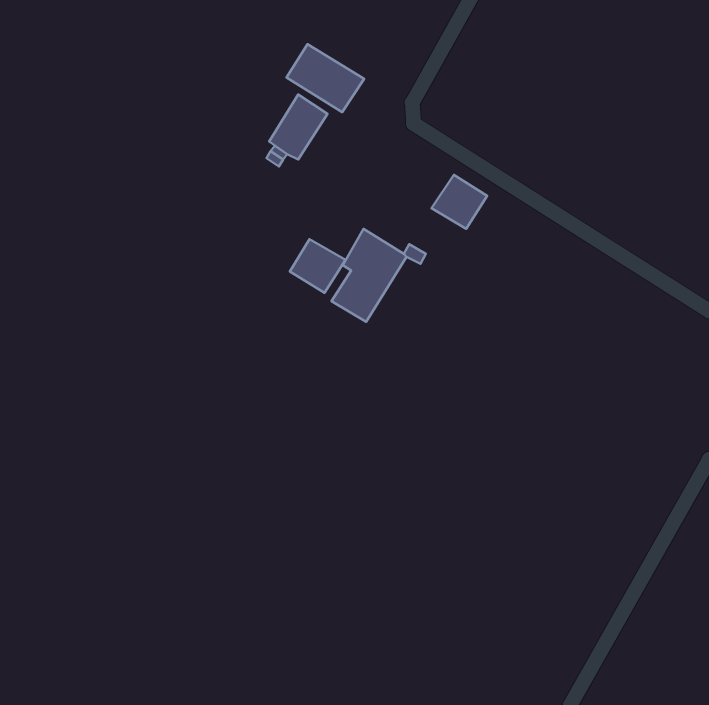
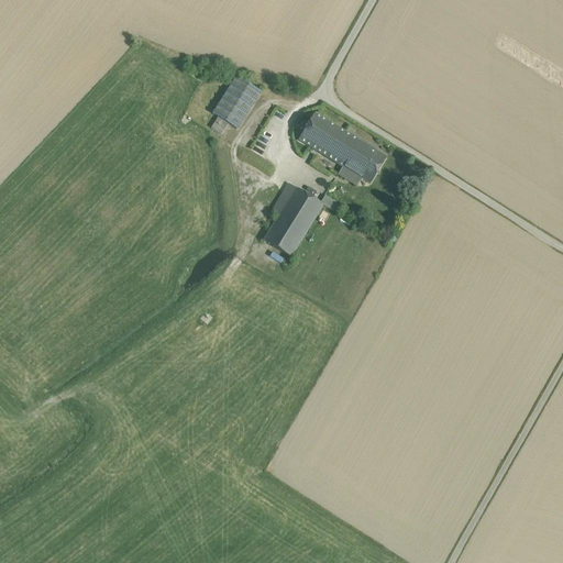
building: [287,44,364,112] -> [298,111,360,165]
building: [290,239,346,293] -> none

